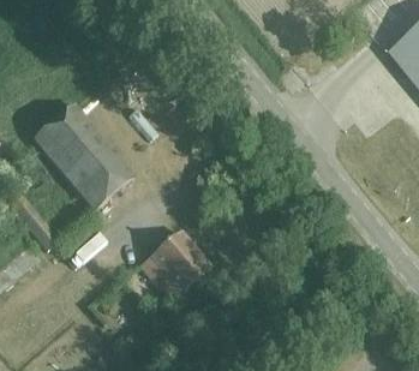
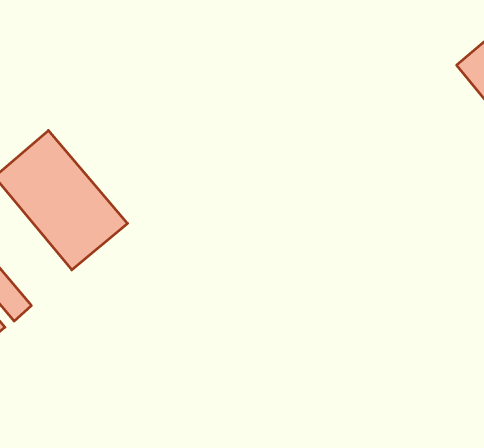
building: [139,228,213,293] -> none

